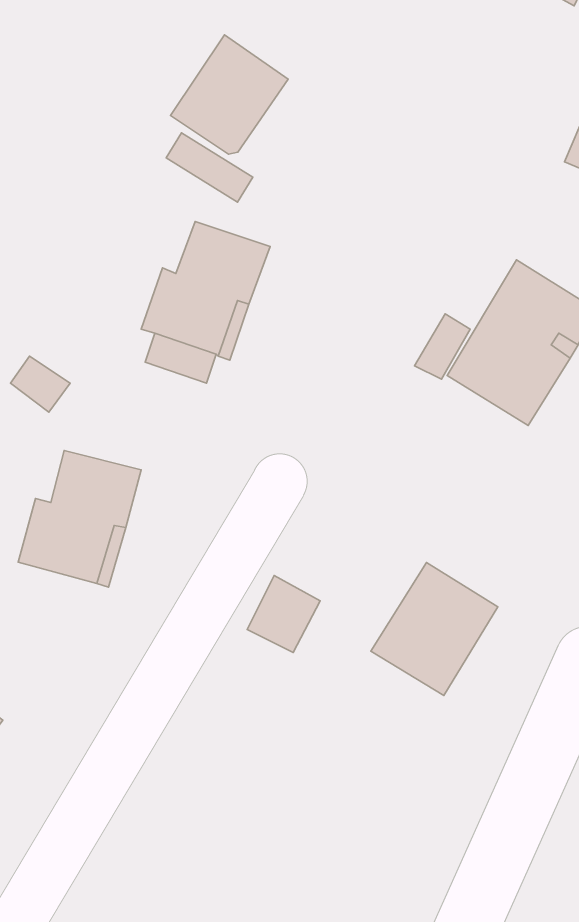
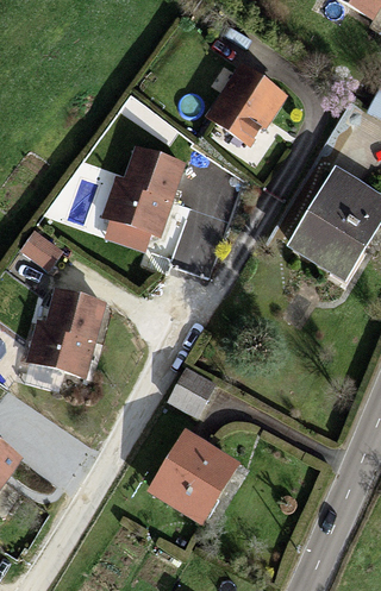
building: [171,35,288,154] -> [211,68,283,142]
building: [371,563,498,695] -> [155,436,233,518]

